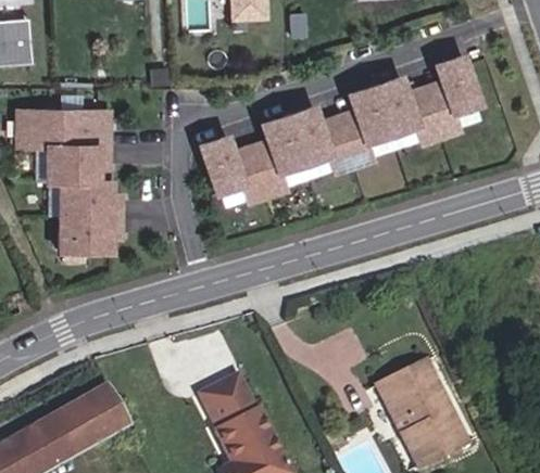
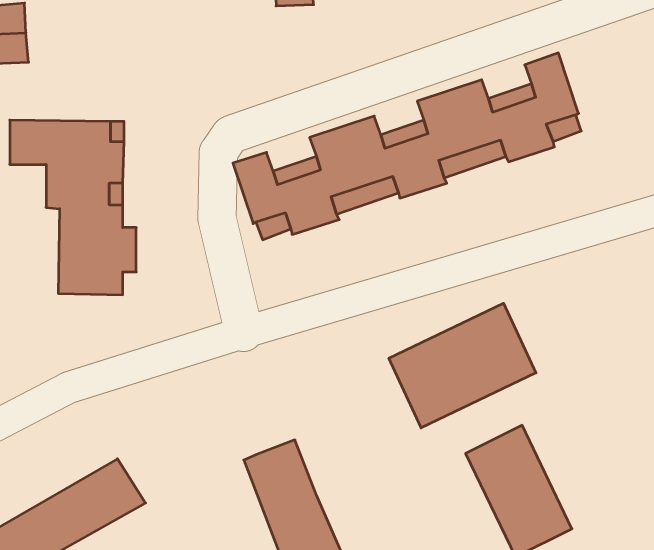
building: none -> [389,303,536,428]

